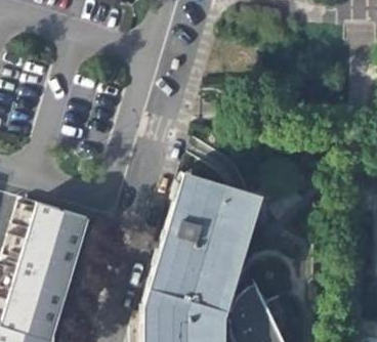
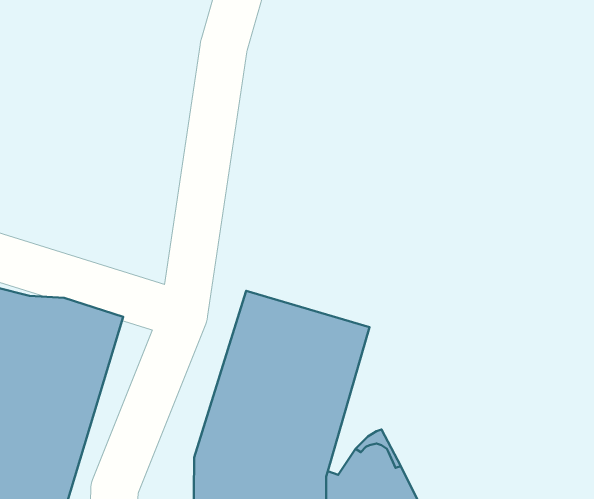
building: [170,171,252,222] -> none

